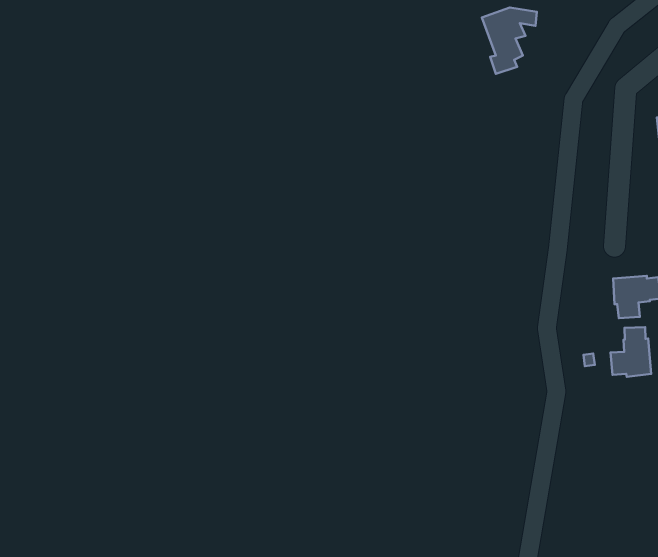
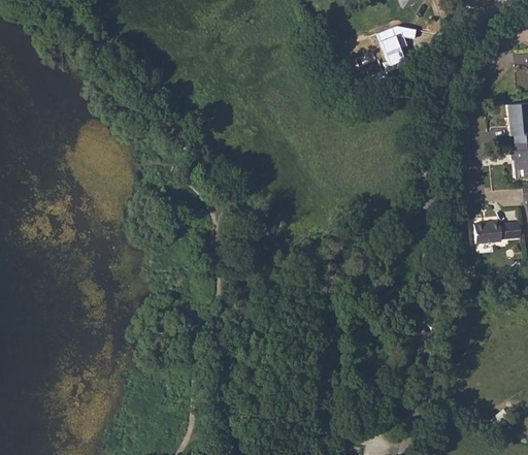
building: [610,327,651,377] -> none

